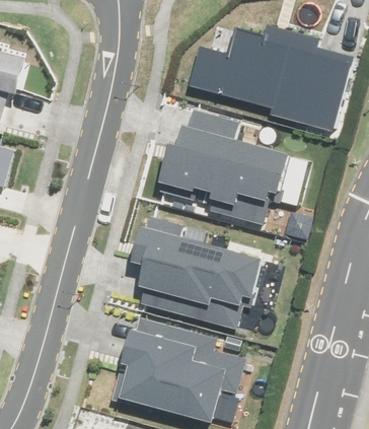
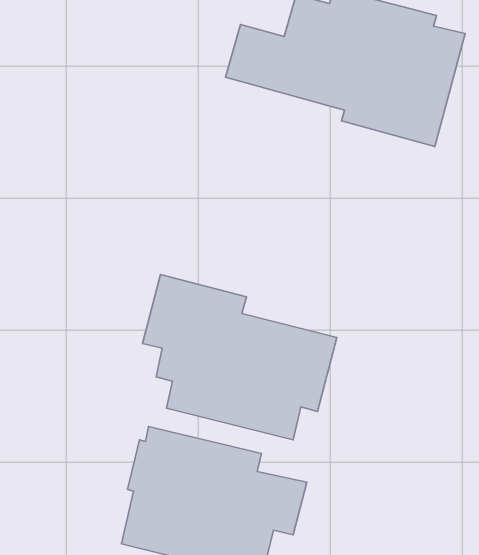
building: [160,110,290,222] -> none

